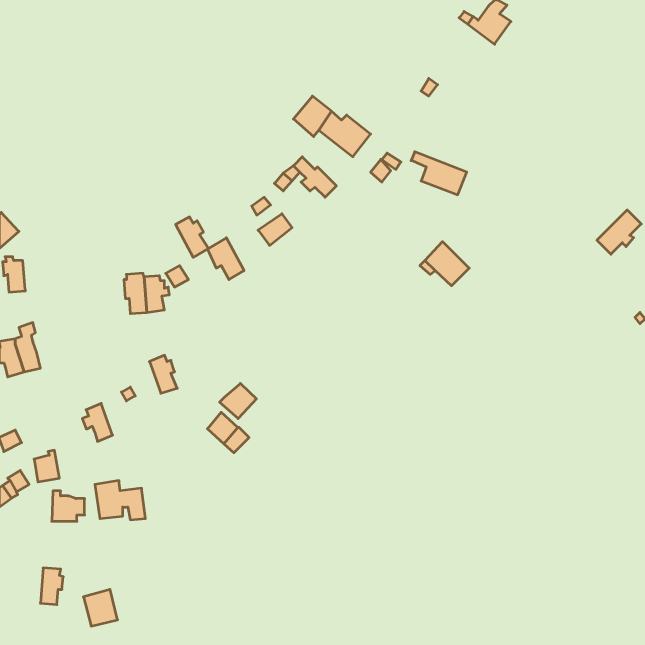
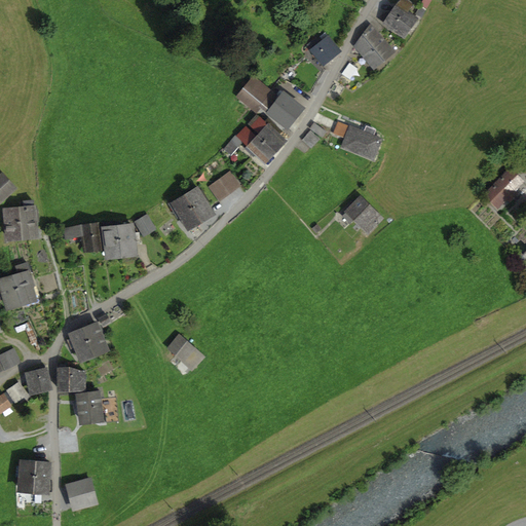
building: none -> [354,26,391,69]
building: none -> [308,37,338,65]
building: none -> [248,117,283,152]
building: [176,217,208,257] -> [184,188,211,221]
building: none -> [18,202,37,237]
building: none -> [64,224,101,251]
building: [149,355,177,393] -> [82,324,105,354]
building: [220,383,256,419] -> none
building: [52,491,85,521] -> [58,366,84,390]
building: none -> [15,461,35,491]

